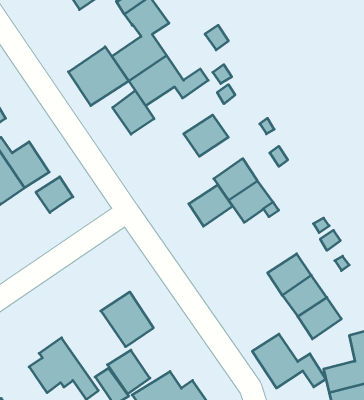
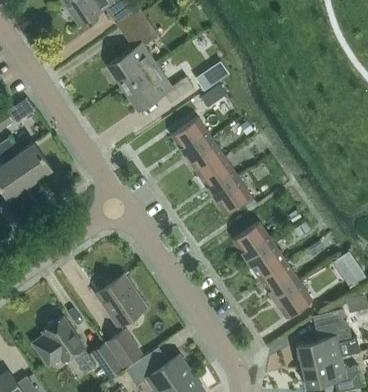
building: [68,47,129,106] -> none
building: [113,91,154,134] -> none
building: [36,177,73,213] -> none
building: [189,185,232,226] -> [186,139,225,176]
building: none -> [234,223,273,260]
building: [252,334,326,388] -> none

